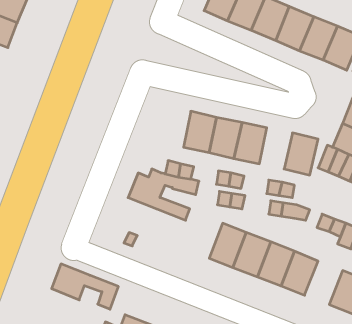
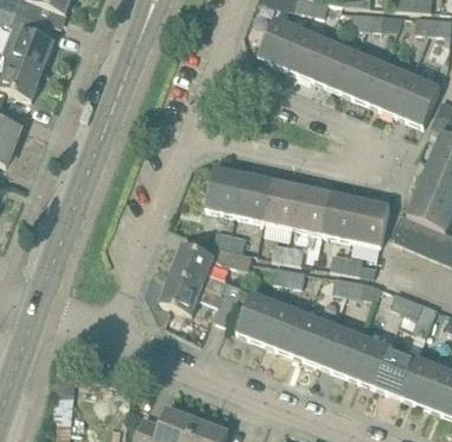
building: none -> [205,168,243,215]
building: none -> [323,192,361,240]
building: none -> [236,292,280,343]
building: none -> [375,347,419,397]
building: [52,264,118,309] -> [160,273,237,326]

